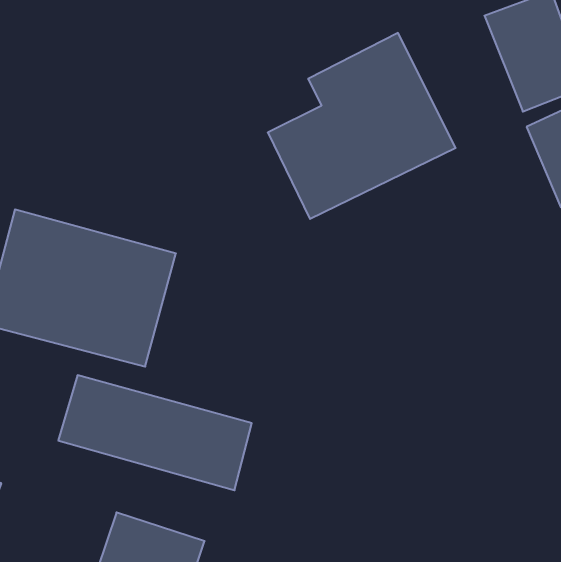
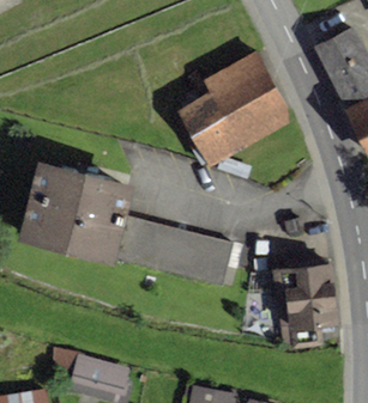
building: none -> [267,264,332,331]
building: [58,375,252,490] -> [110,221,231,293]

